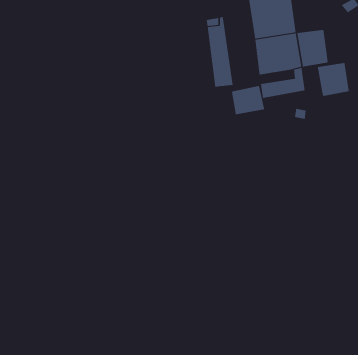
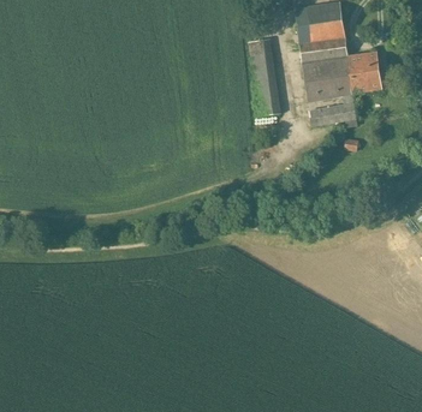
building: [317,62,350,97] -> none
building: [231,85,265,115] -> none

